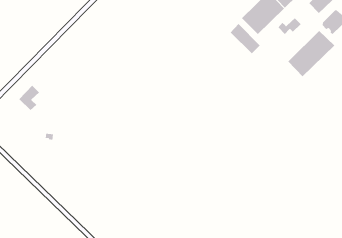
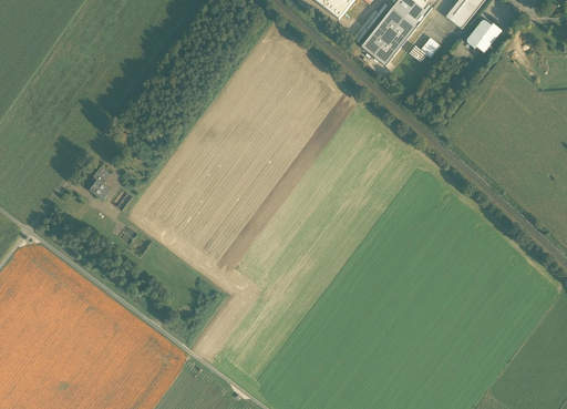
building: [230,23,261,54] -> none
building: [287,30,335,77] -> none

